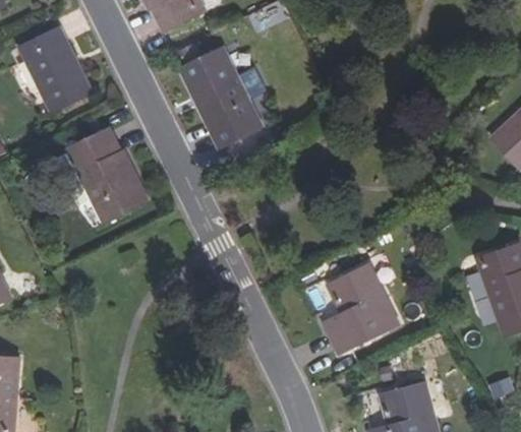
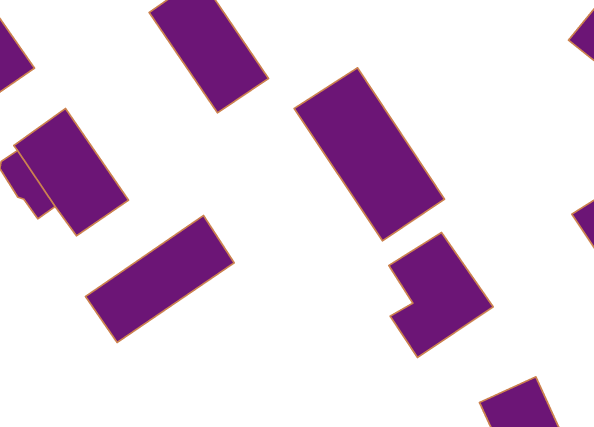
building: none -> [294,68,445,241]
building: none -> [85,216,234,343]

